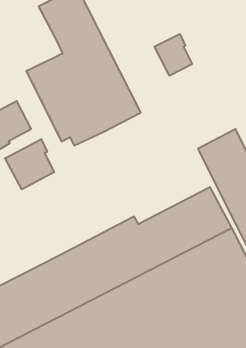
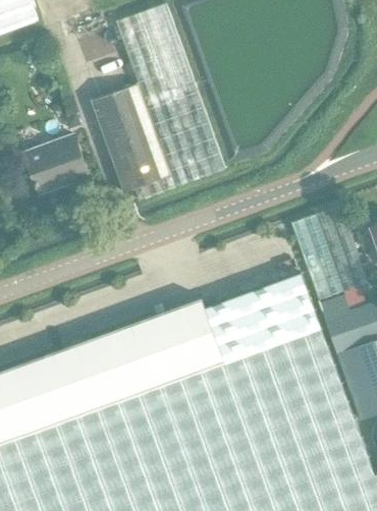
building: [155,34,192,76] -> none
building: [5,139,54,189] -> none

